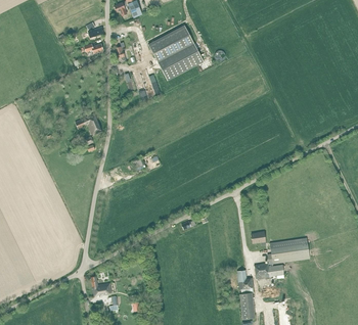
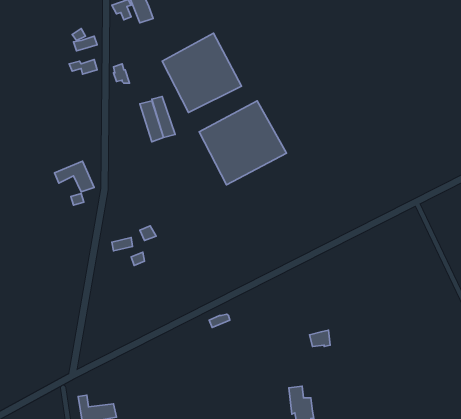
building: none -> [199,101,286,185]
building: [254,237,310,278] -> none

